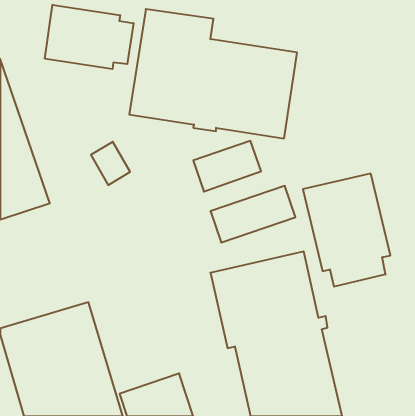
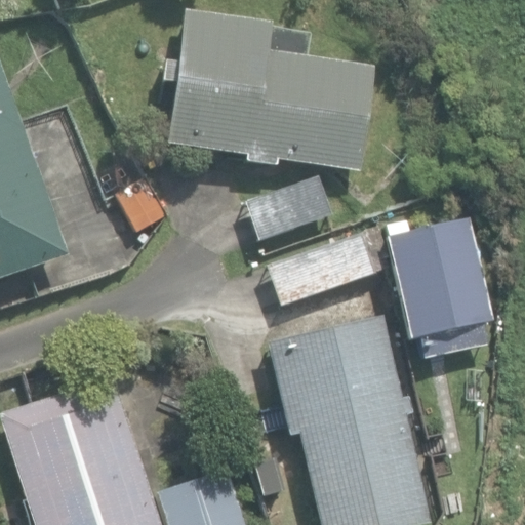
building: [45,5,133,69] -> none

